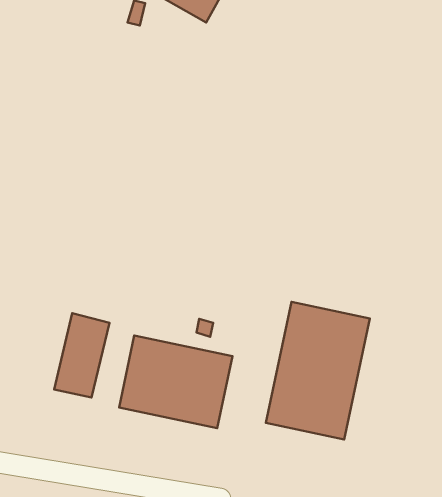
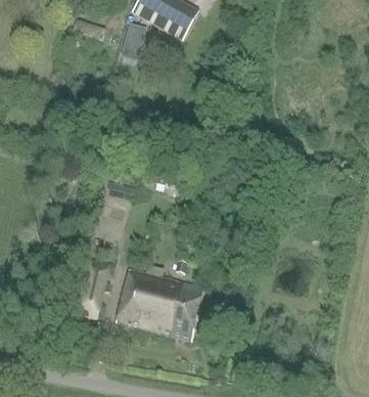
building: [266,302,370,439] -> none

